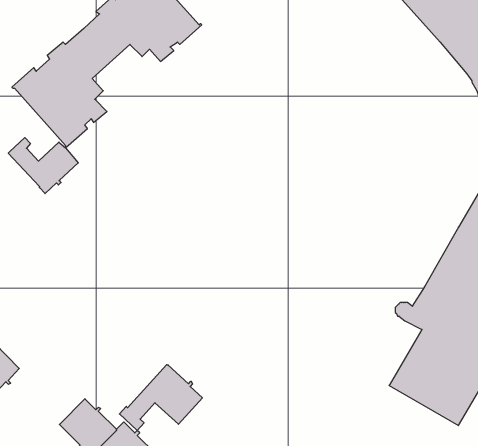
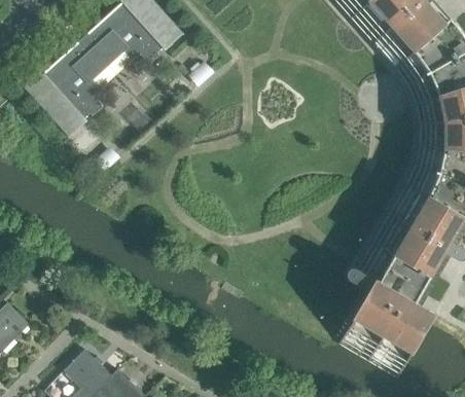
building: [8,138,78,194] -> none
building: [119,365,202,430] -> none

